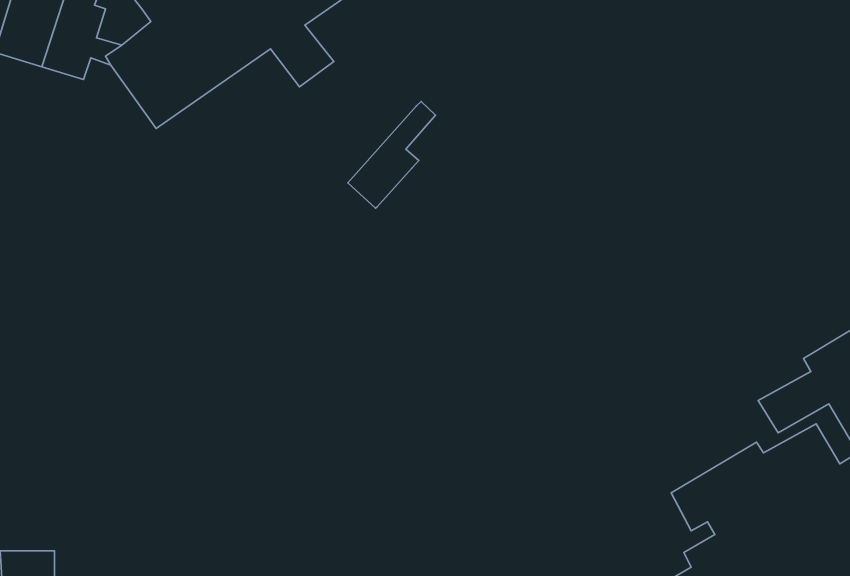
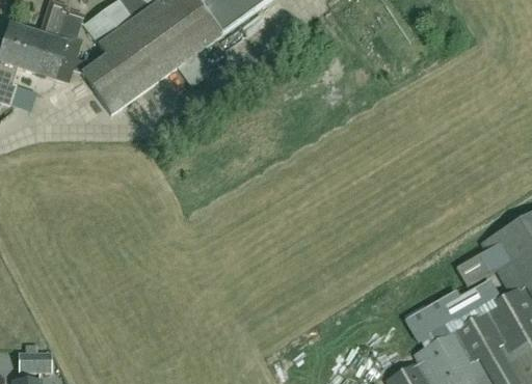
building: [348,101,435,208] -> none

